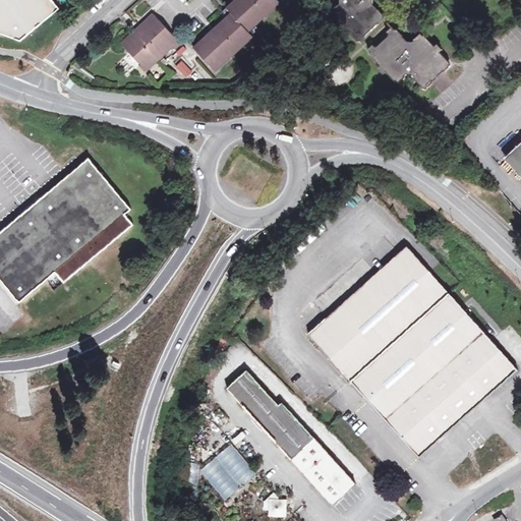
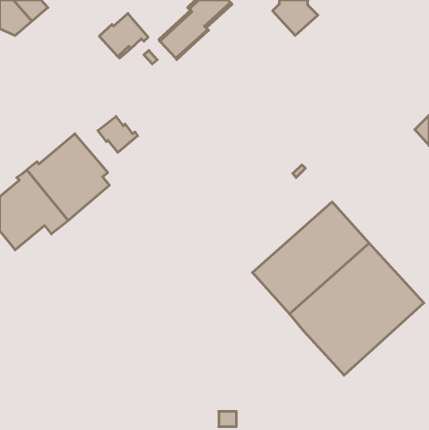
building: [367,31,450,91] -> none
building: none -> [98,116,138,152]
building: [226,363,355,500] -> none
building: [198,443,255,500] -> none

